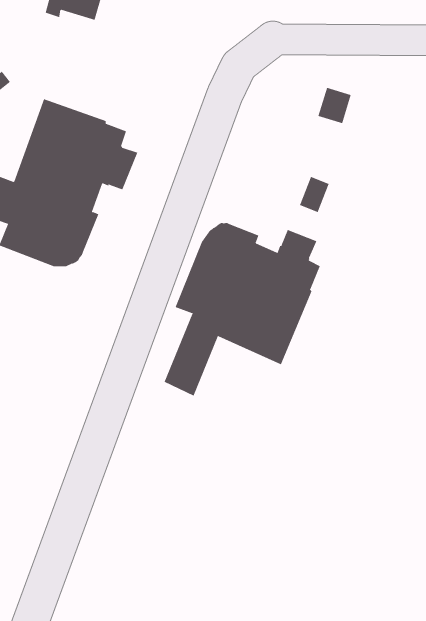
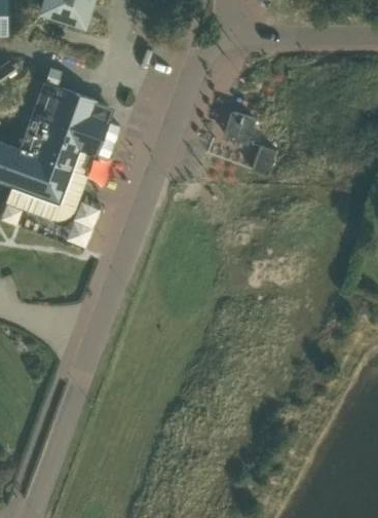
building: [318,87,352,124] -> [226,112,254,142]
building: [164,222,321,396] -> none

